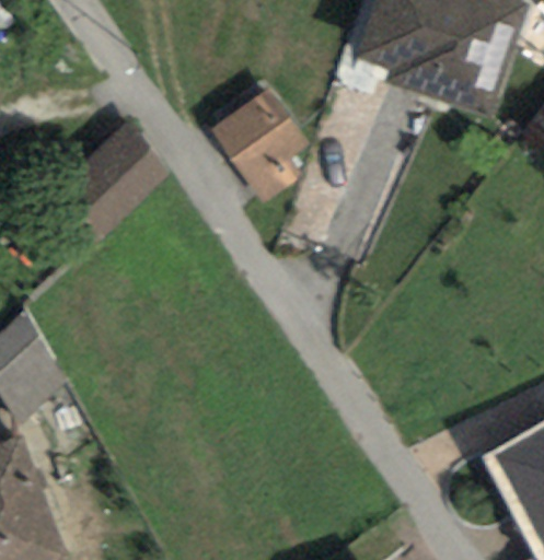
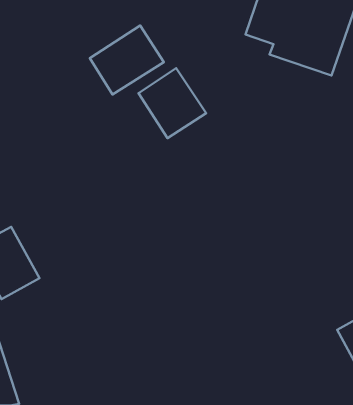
building: none -> [90,26,164,95]
building: [55,132,158,234] -> none

